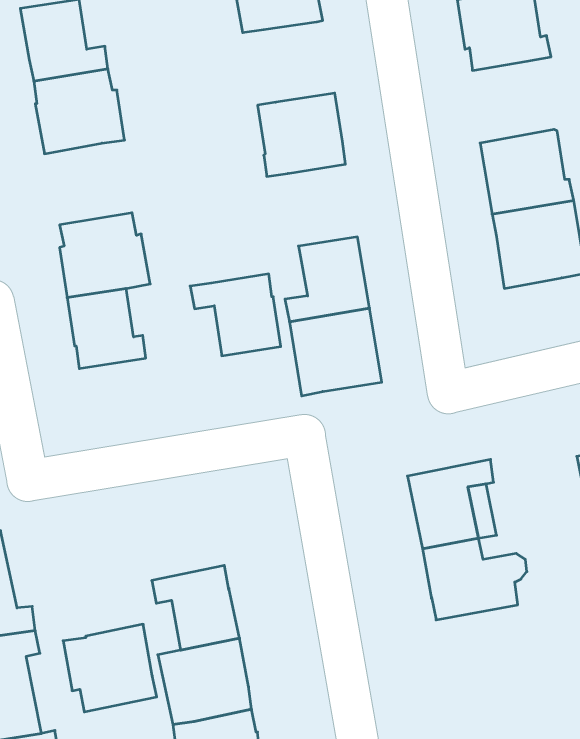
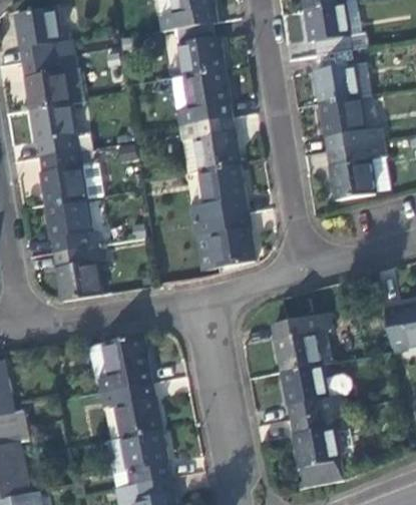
building: none -> [175,23,223,76]
building: none -> [314,49,368,103]
building: none -> [30,103,88,157]
building: [190,274,281,356] -> [177,117,238,171]
building: none -> [53,245,100,301]
building: none -> [290,409,348,489]
building: [63,624,157,712] -> [87,335,149,393]

